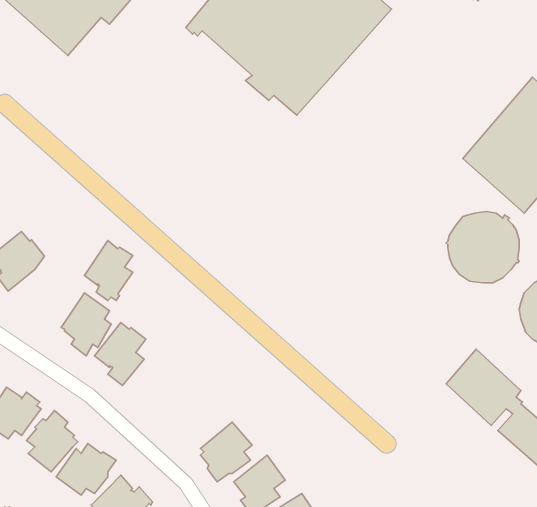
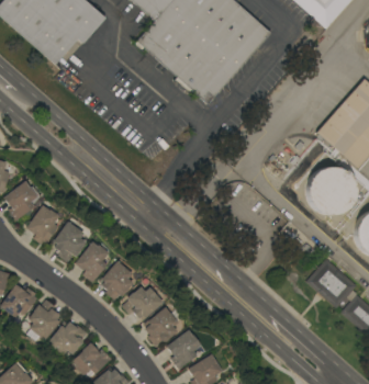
building: [85,241,133,300] -> [26,204,58,244]
building: none -> [99,260,132,300]
building: none -> [122,285,163,319]

